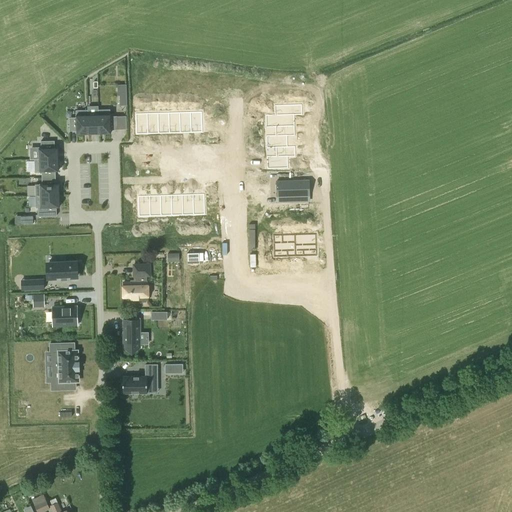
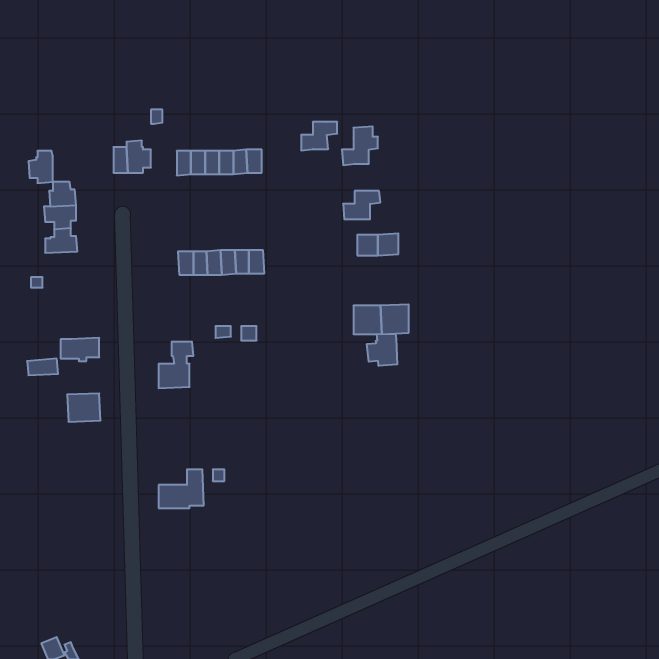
building: [69,110,88,135] -> [28,151,53,183]
building: [266,127,294,149] -> [301,122,337,150]
building: [35,195,60,216] -> none
building: none -> [367,334,397,366]
building: [123,318,141,348] -> none
building: [49,342,80,390] -> none

